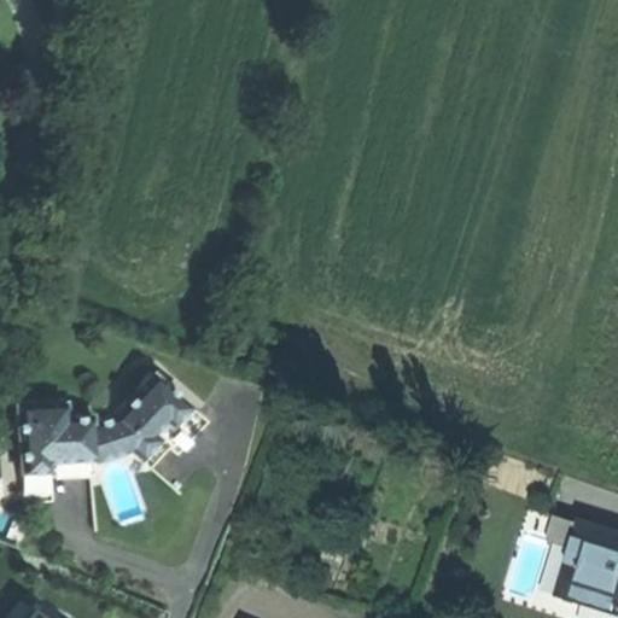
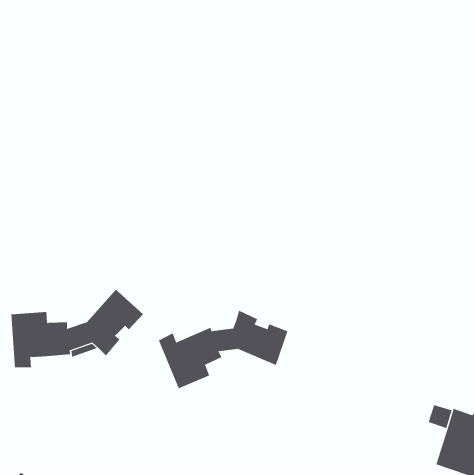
building: none -> [158,310,288,389]

